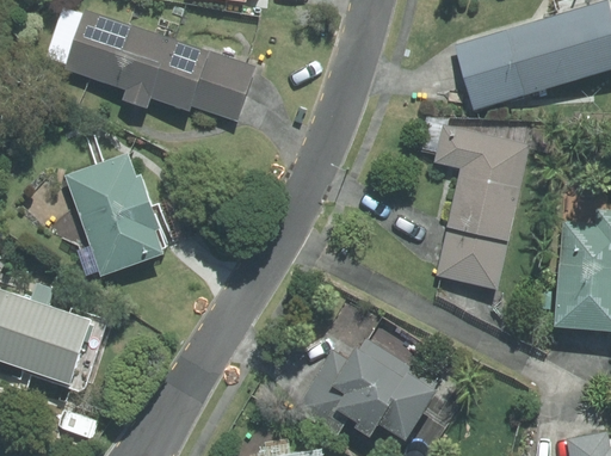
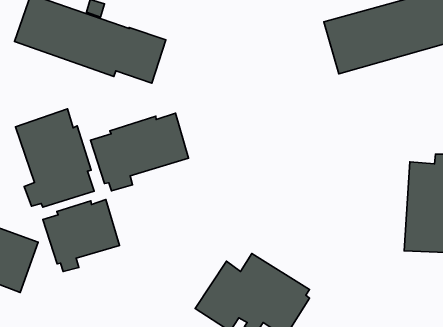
building: [433,125,530,289] -> none
building: none -> [90,113,189,191]
building: none -> [43,200,119,271]

